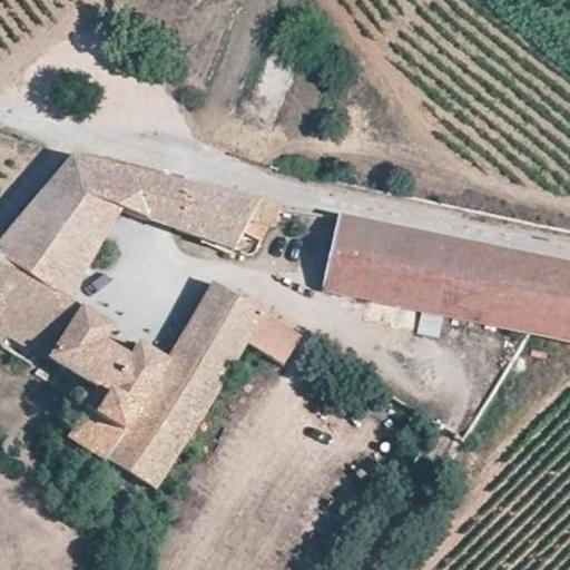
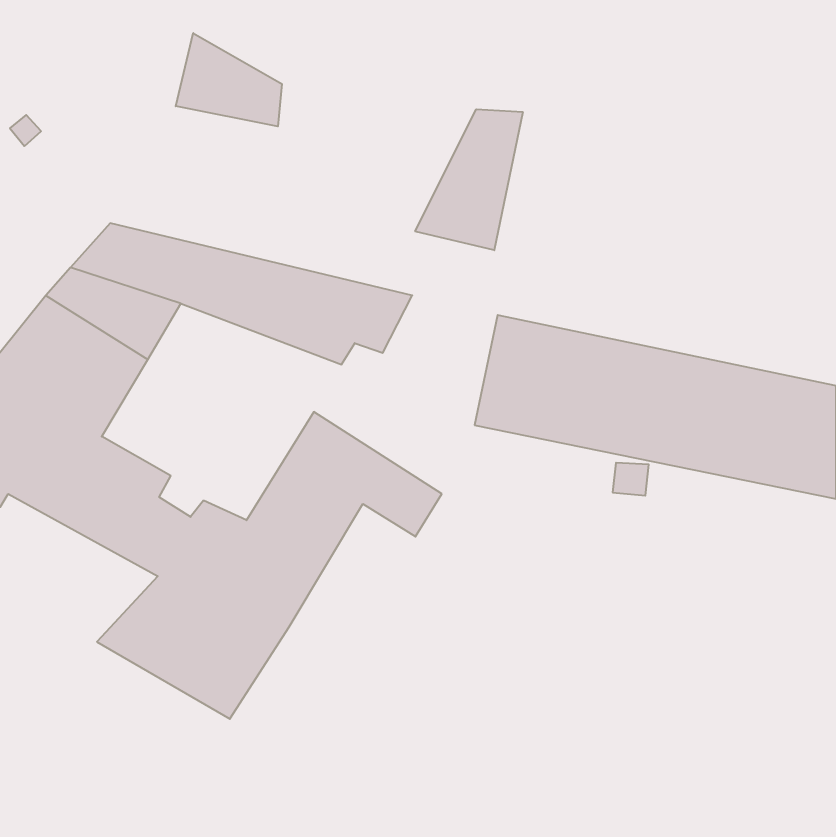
building: none -> [176,33,282,126]
building: none -> [415,109,523,250]

